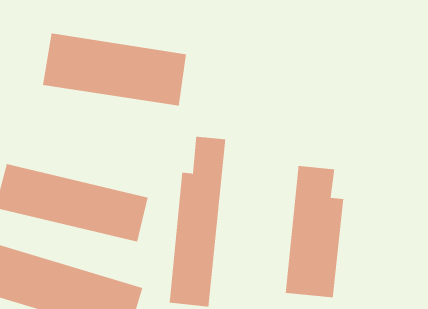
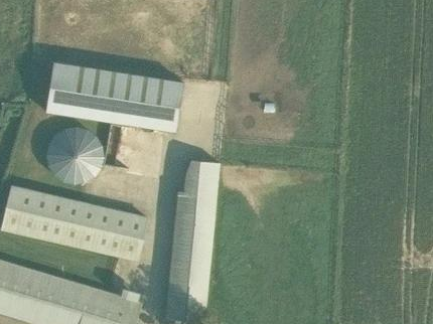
building: none -> [42,122,110,189]
building: [285,165,344,298] -> none

